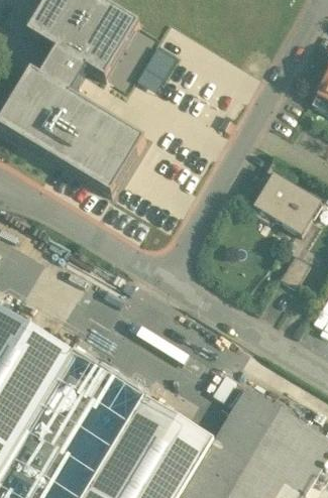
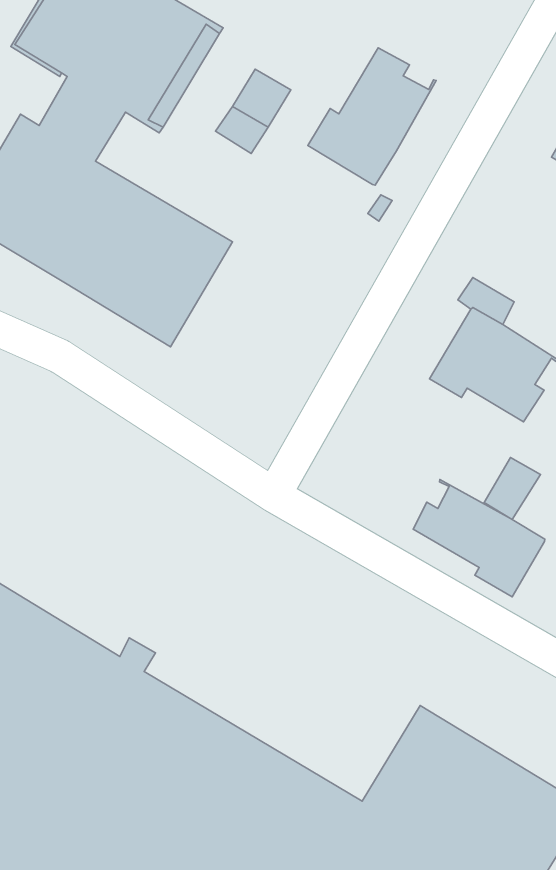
building: none -> [308,48,436,185]
building: none -> [413,480,545,597]

